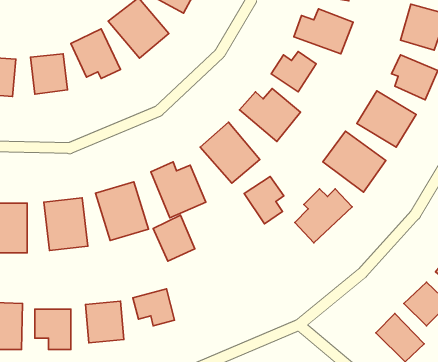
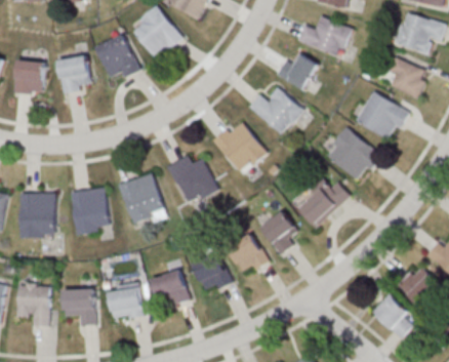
building: [244,177,284,224] -> [260,211,296,254]
building: [153,215,195,261] -> [193,252,231,294]
building: none -> [229,234,269,275]

